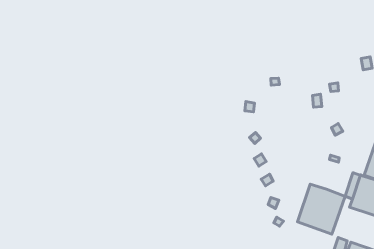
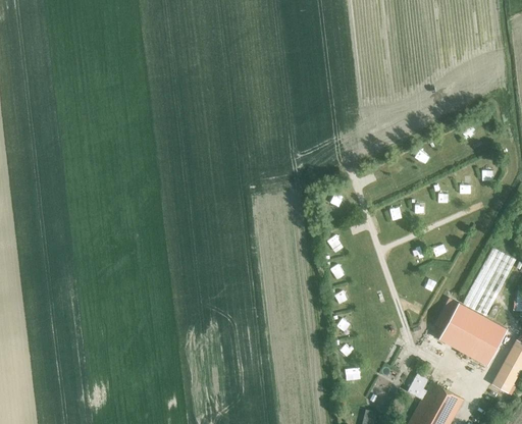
building: [298,184,345,234] -> none

